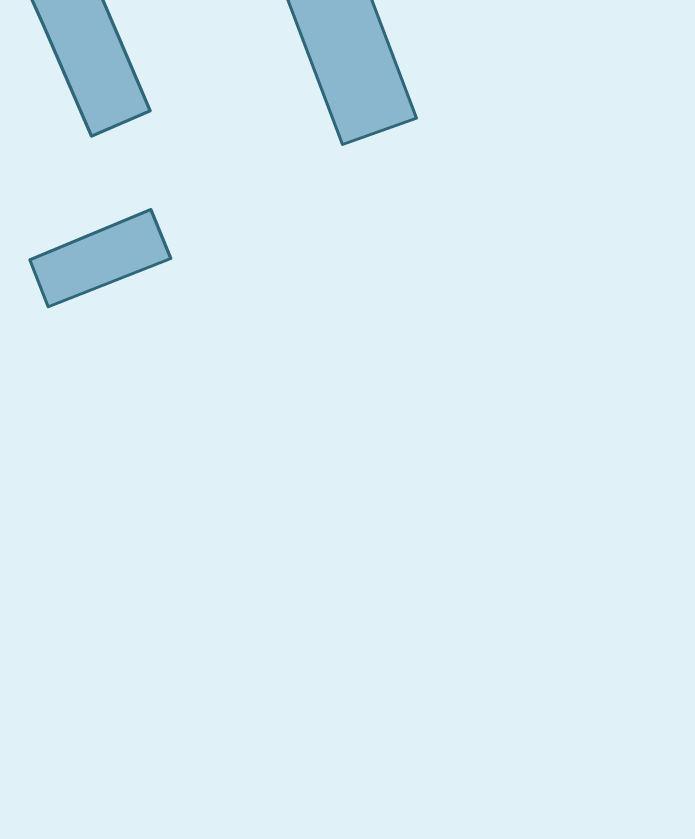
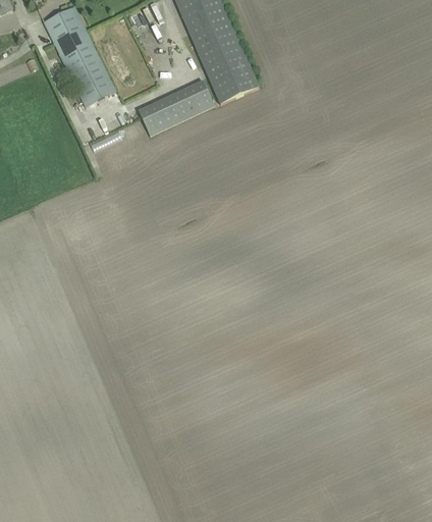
building: [30,210,171,307] -> [138,80,213,135]

